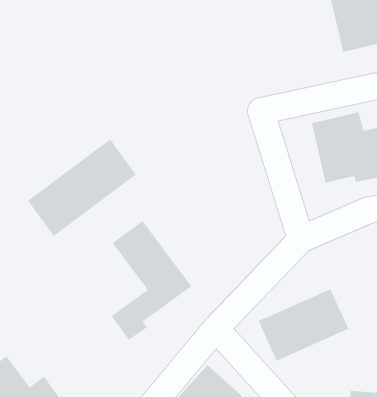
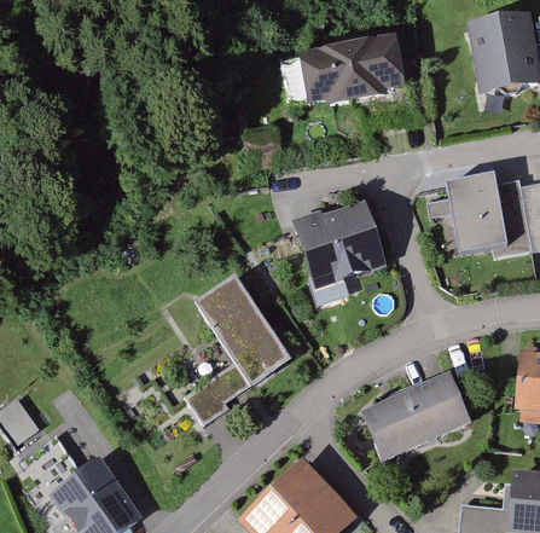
building: none -> [297,35,407,108]
building: [27,138,137,237] -> none
building: none -> [294,201,384,297]

